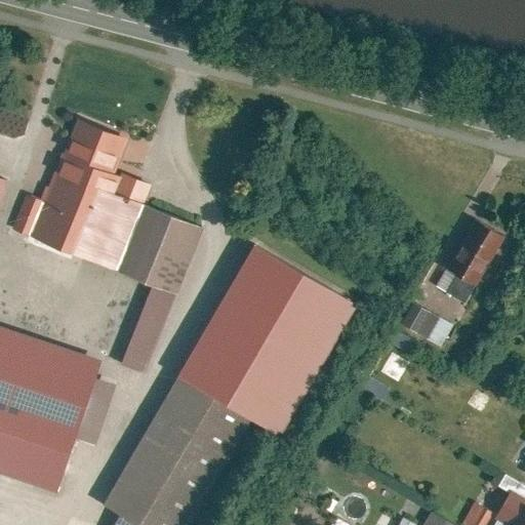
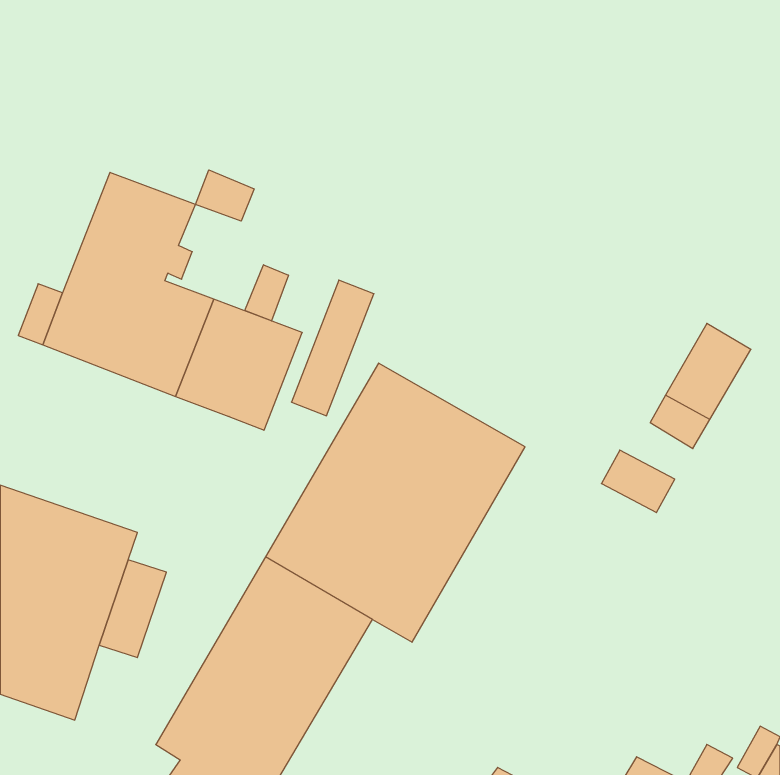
building: none -> [195,170,254,221]
building: none -> [245,265,288,321]
building: [122,283,177,374] -> [291,280,374,416]

